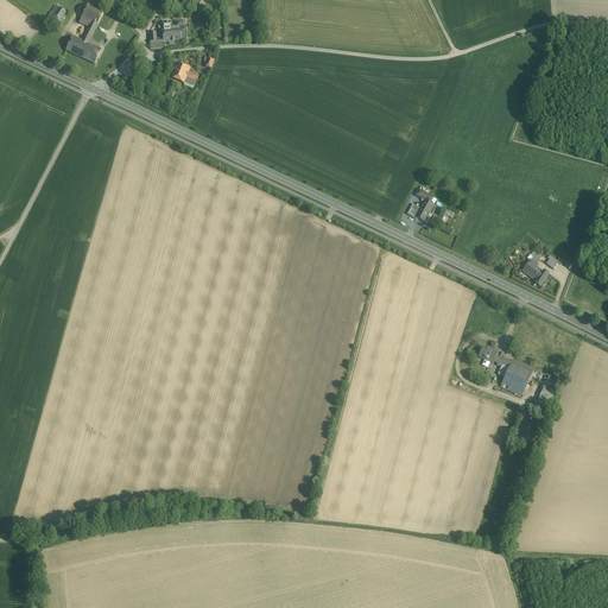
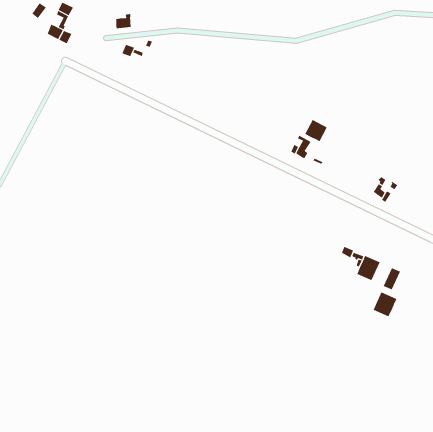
building: none -> [305,119,328,142]
building: none -> [373,291,397,317]

